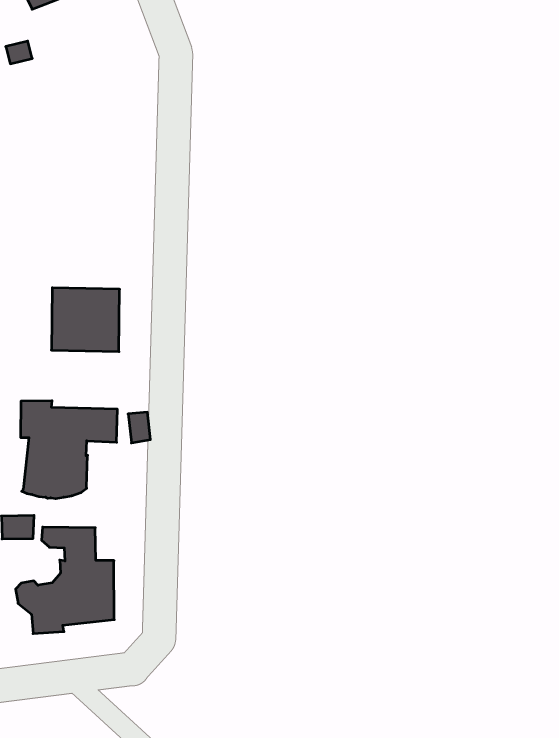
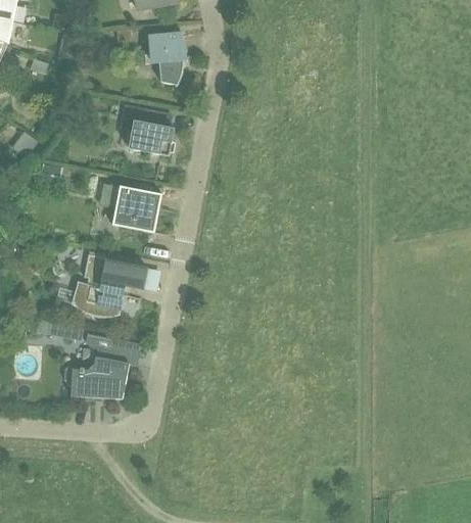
building: none -> [147,32,186,86]
building: none -> [120,103,173,155]

